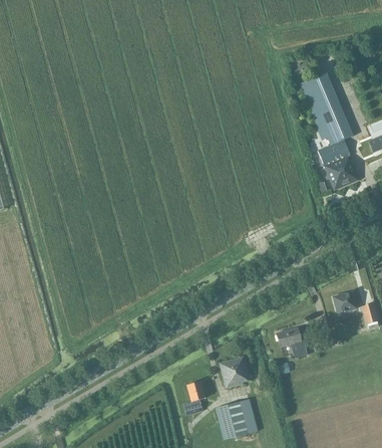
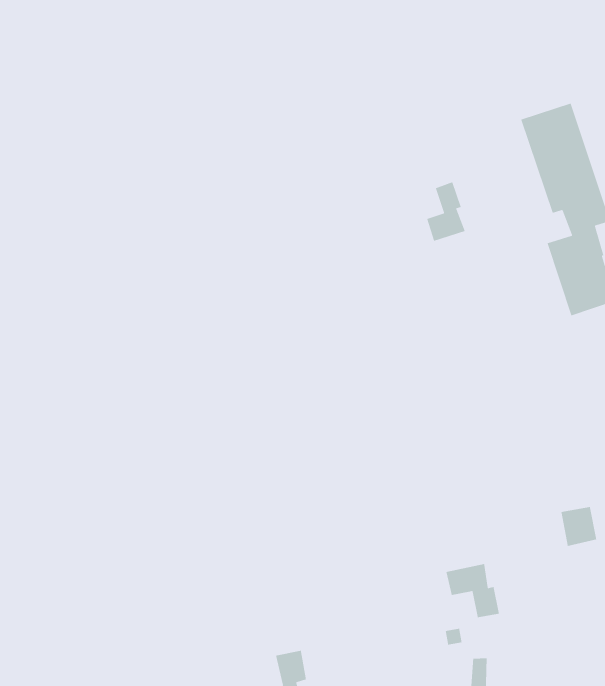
building: none -> [426,181,466,242]
building: [219,356,250,387] -> none

